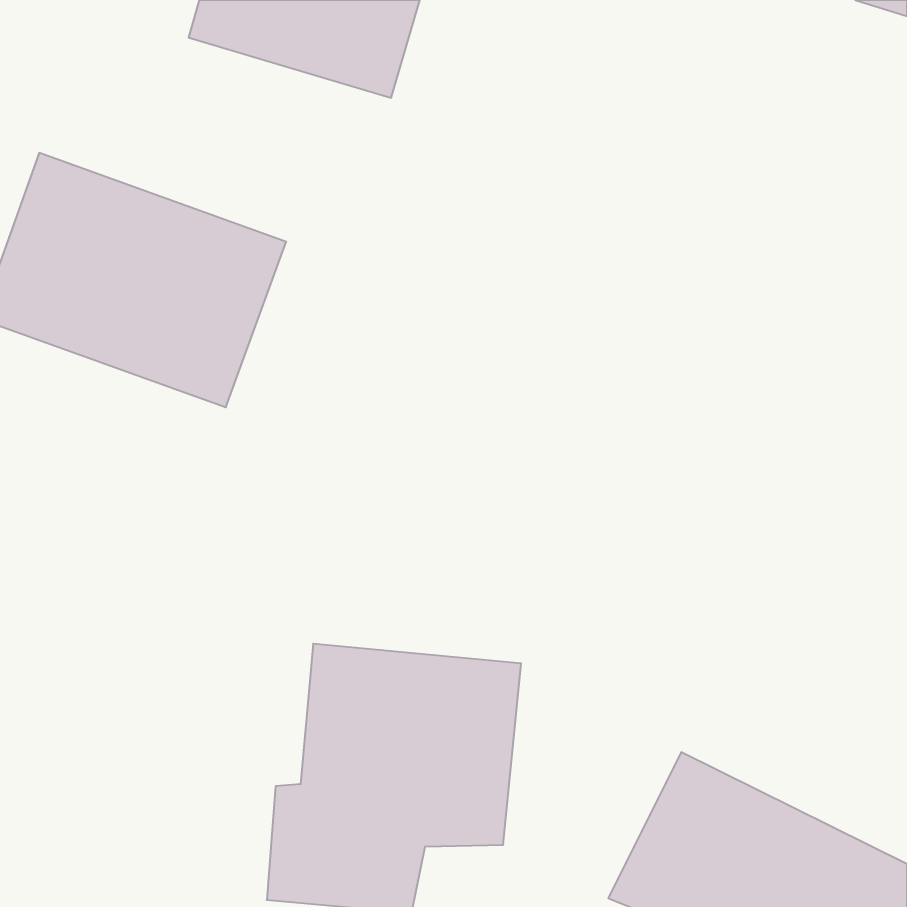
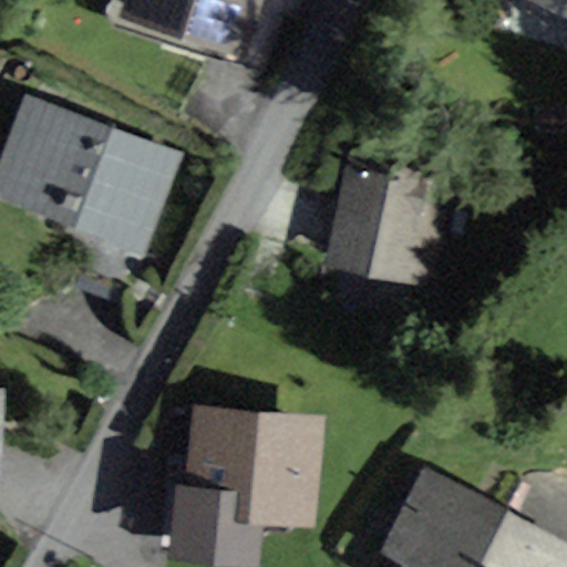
building: none -> [327,156,450,286]

